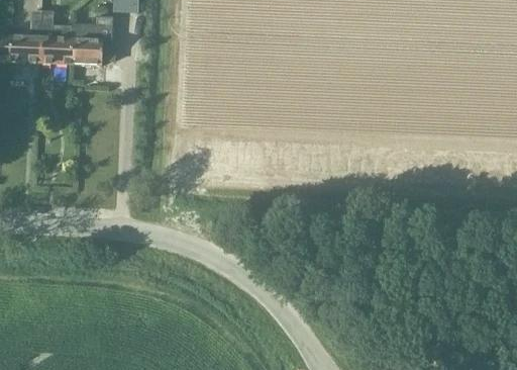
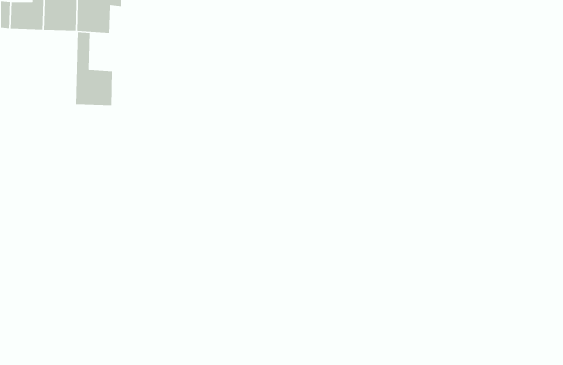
building: none -> [75,32,113,106]

